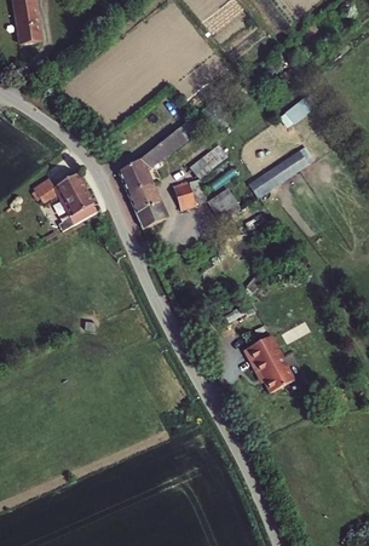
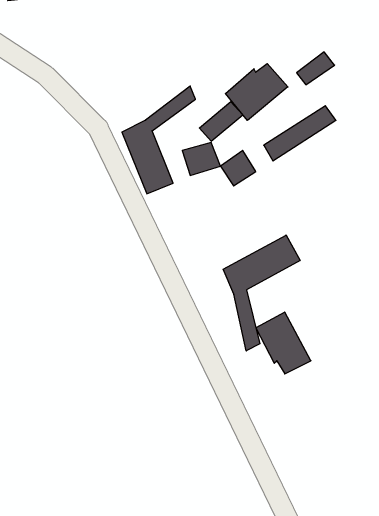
building: none -> [225,64,288,120]
building: [50,178,100,220] -> none
building: none -> [223,235,300,351]

